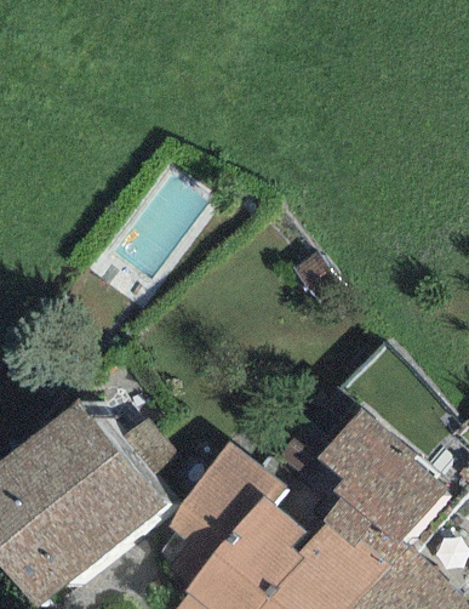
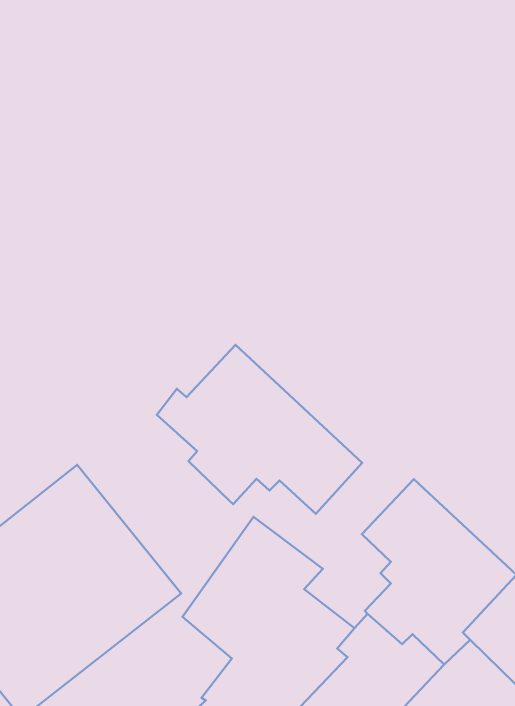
building: none -> [157,345,362,514]

